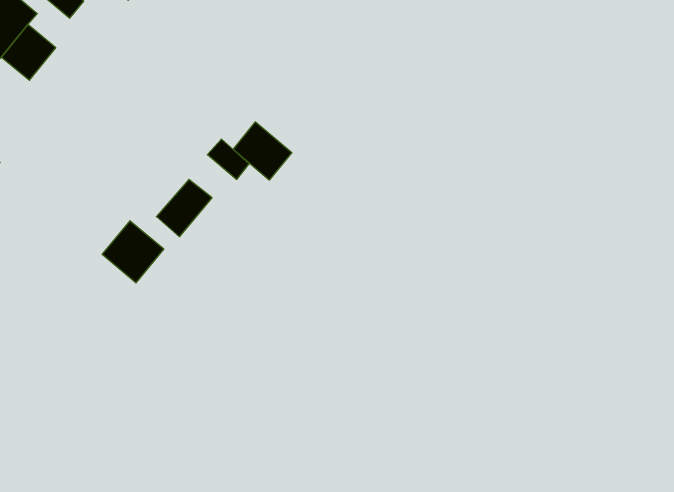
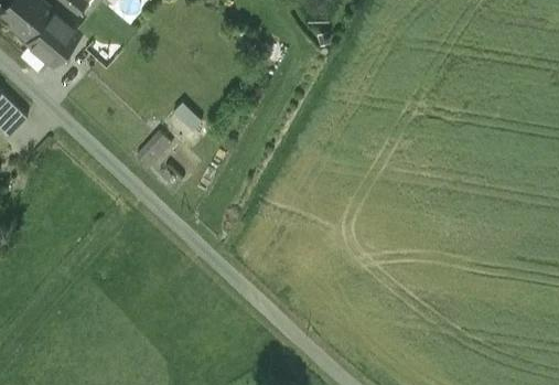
building: [233,122,292,180] -> none
building: [102,221,164,283] -> none

